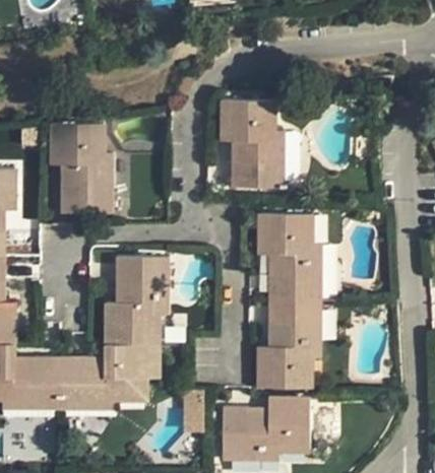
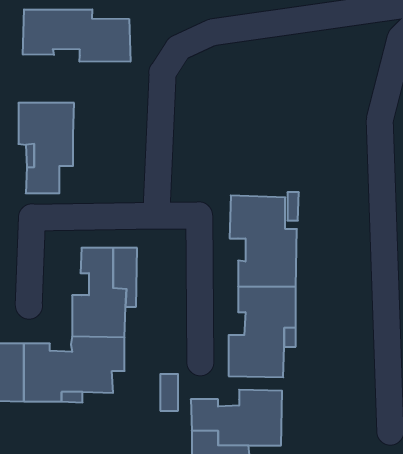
building: none -> [23,9,130,62]
building: [221,100,284,189] -> none
building: [95,154,118,212] -> none

